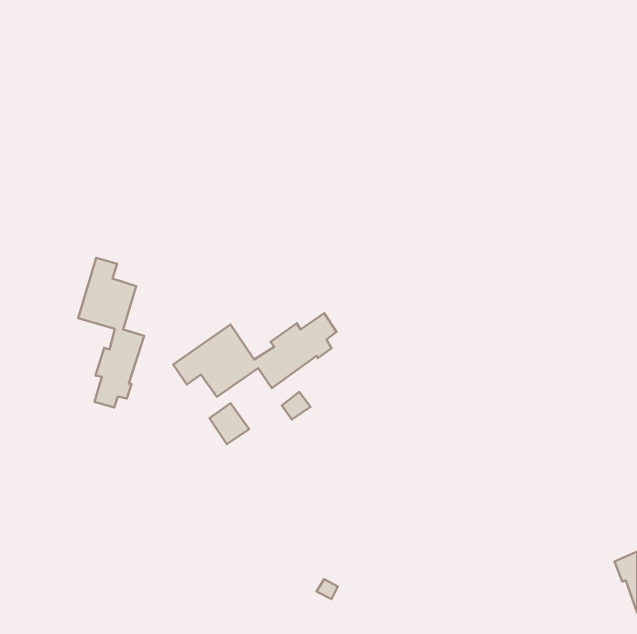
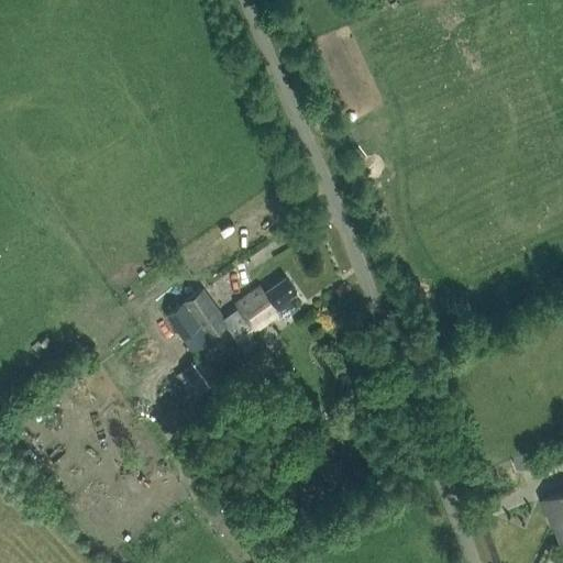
building: [78,258,144,407] -> none

